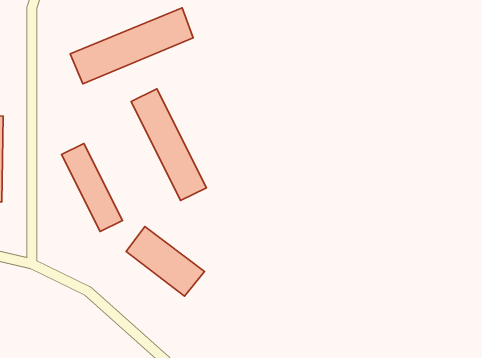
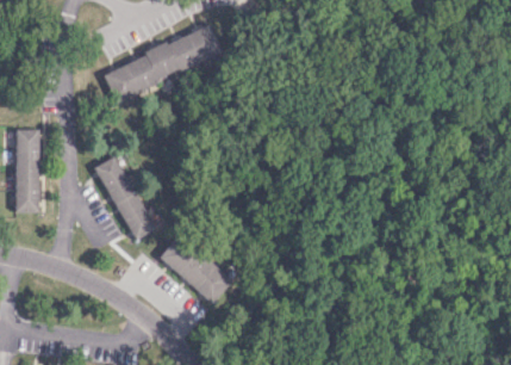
building: [131,89,206,201] -> none

